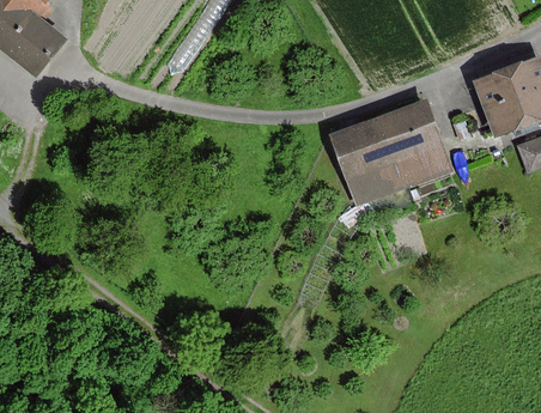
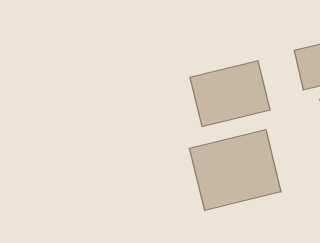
building: none -> [190,130,281,211]

